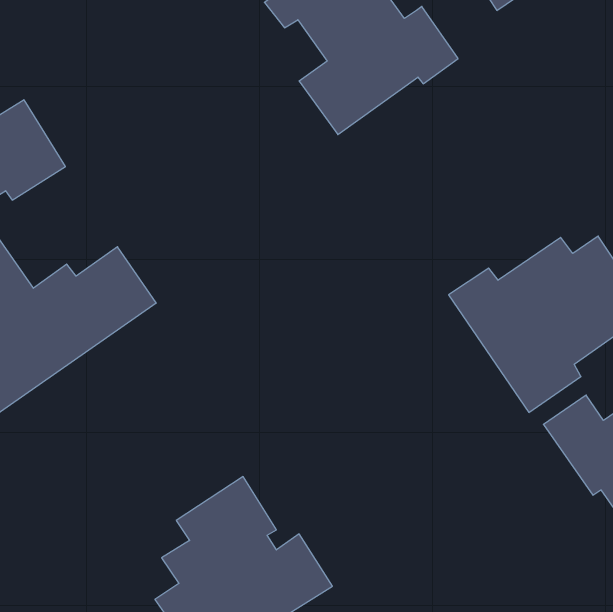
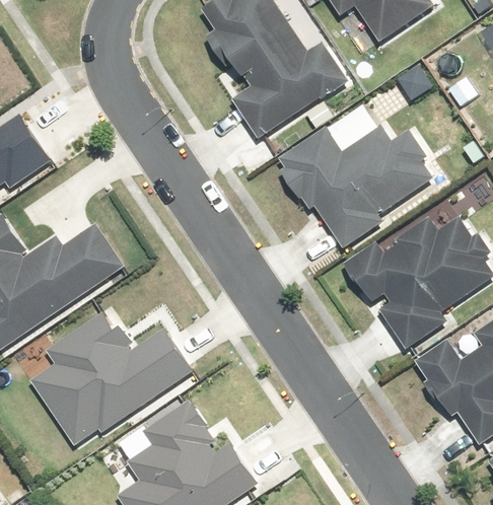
building: none -> [278,125,431,249]
building: none -> [23,312,191,445]

